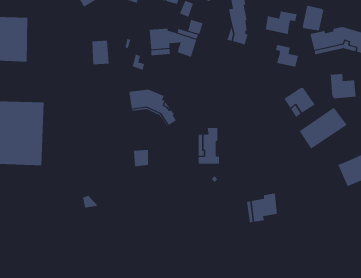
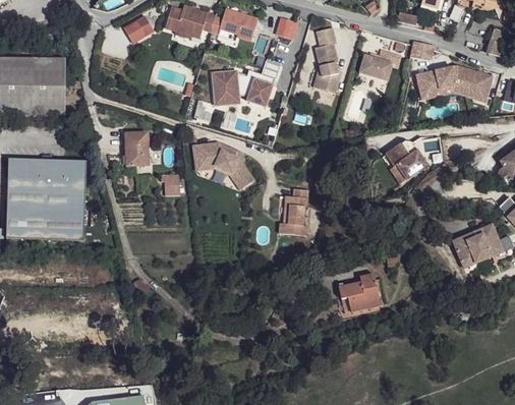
building: [92,40,110,65] -> [125,134,148,165]
building: [276,44,298,67] -> none
building: [330,73,356,99] -> none
building: [299,107,348,150] -> none
building: [133,150,149,167] -> [160,175,179,196]

